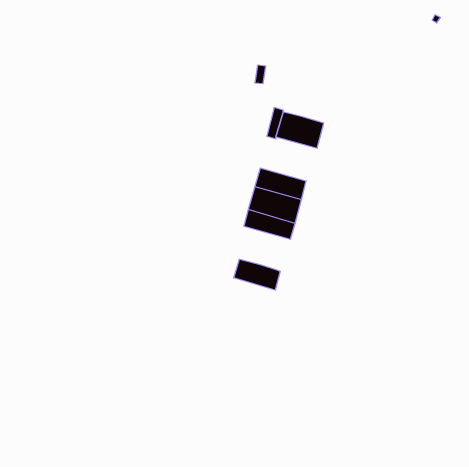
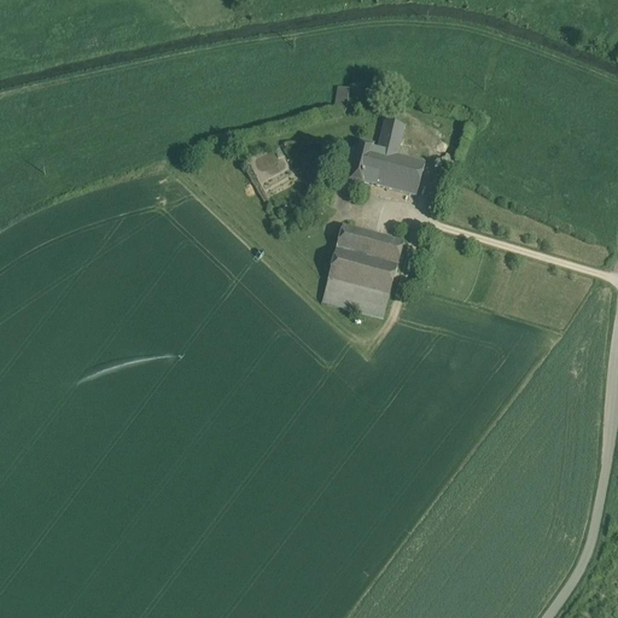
building: none -> [379,119,406,153]
building: [234,259,280,290] -> none

